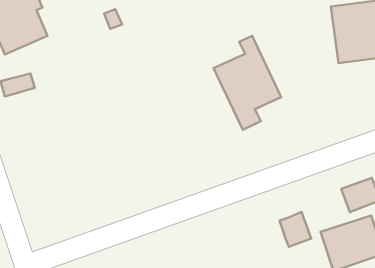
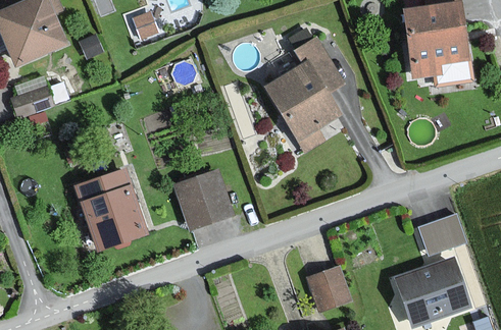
building: none -> [170,166,231,229]
building: none -> [77,170,144,248]
building: [279,212,311,247] -> [309,270,347,312]

